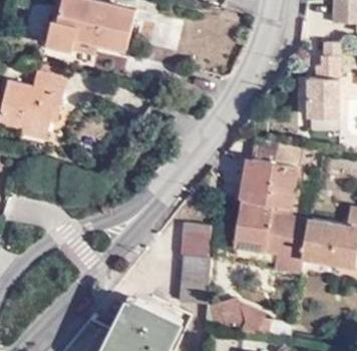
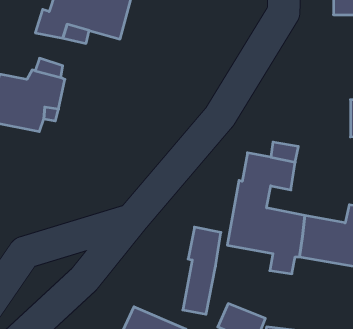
building: [307,43,340,119] -> none

